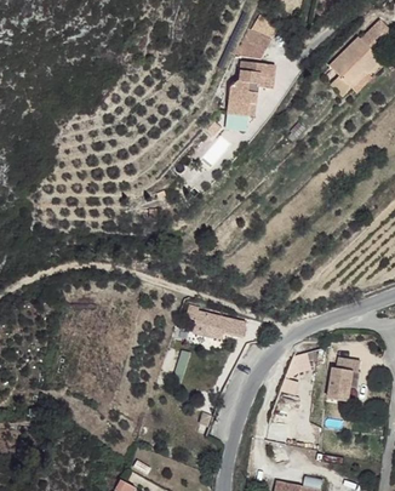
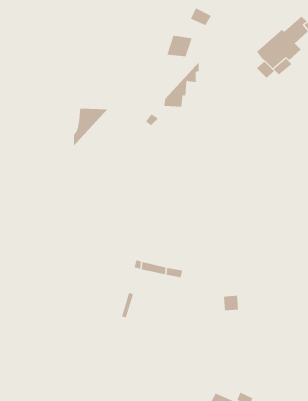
building: [222,76,263,122] -> [73,108,108,147]
building: [328,360,359,404] -> none

